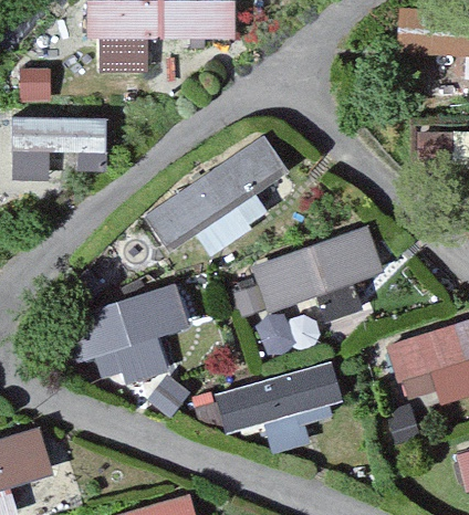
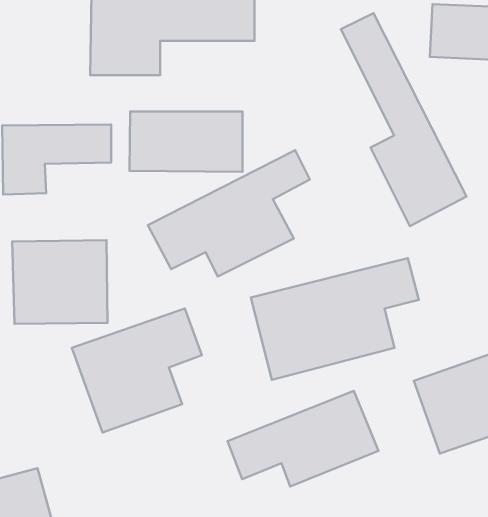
building: none -> [341,13,466,226]
building: none -> [129,112,243,172]
building: none -> [12,240,107,324]

